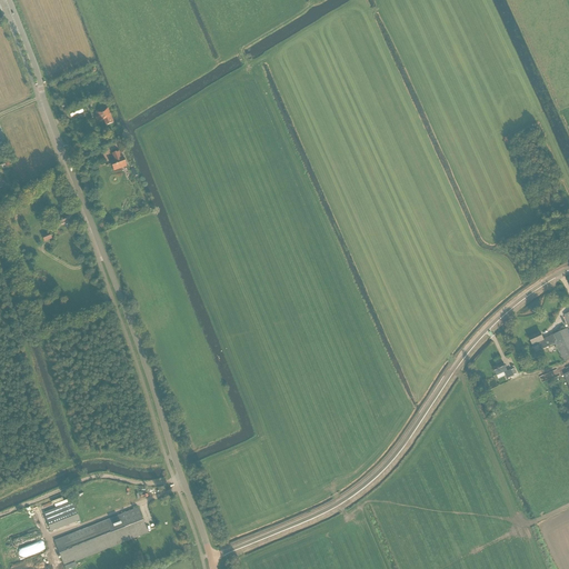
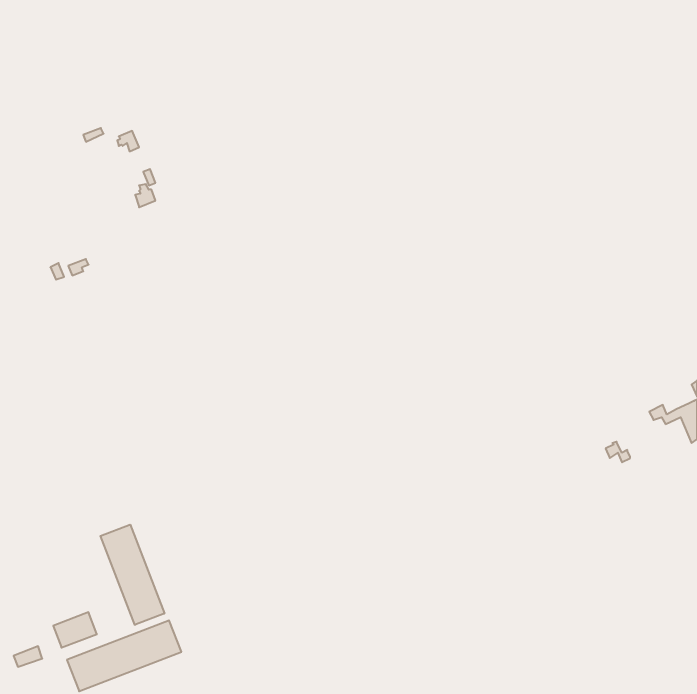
building: none -> [100,525,164,625]

